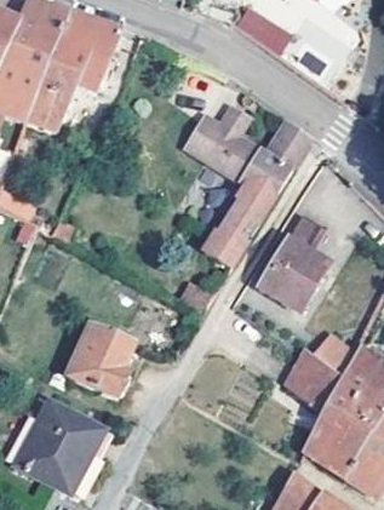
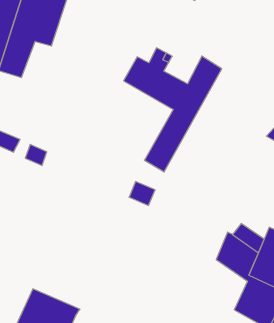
building: [258,216,327,313] -> none
building: [68,322,134,397] -> none

